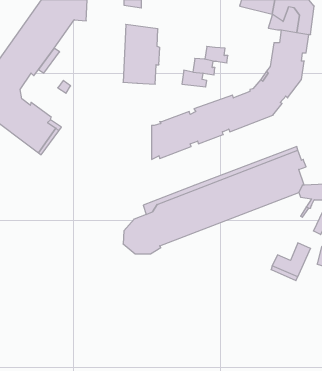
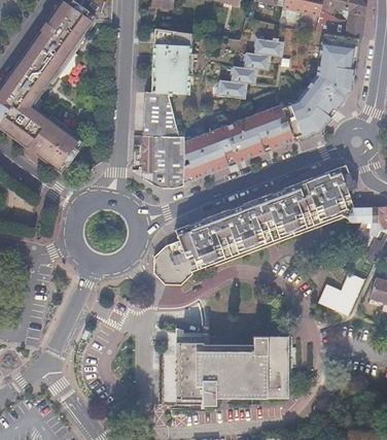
building: none -> [255,38,284,57]
building: none -> [134,92,184,189]
building: none -> [166,334,291,404]

